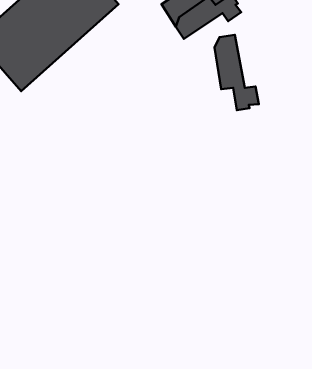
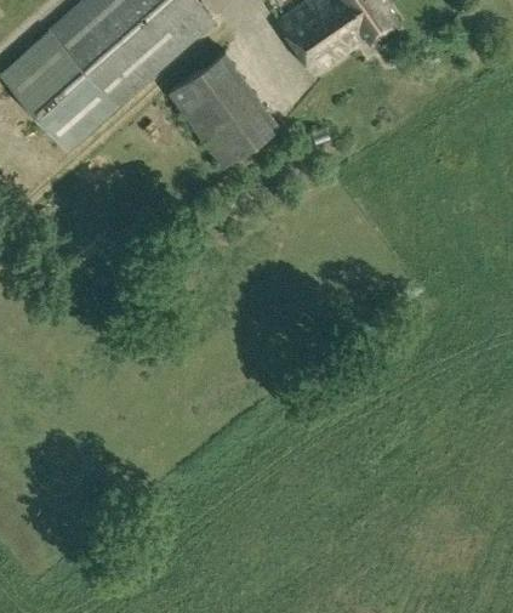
building: none -> [167,50,280,169]
building: [214,35,259,110] -> none

